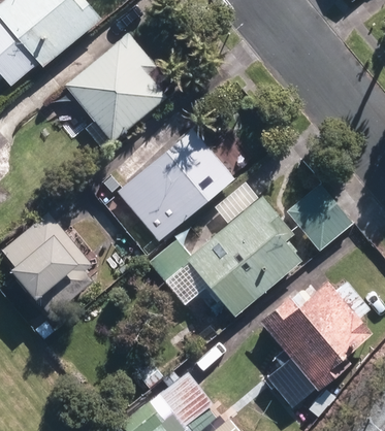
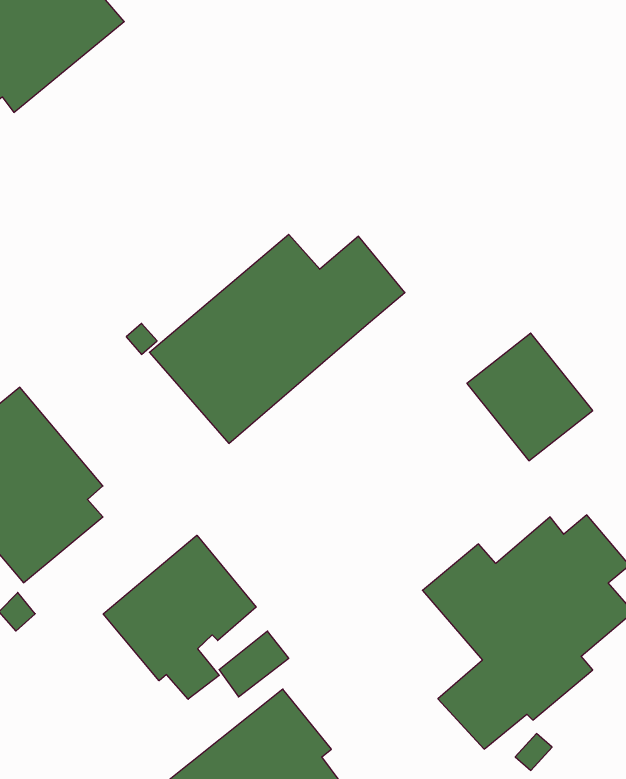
building: [63,31,167,141] -> none
building: [147,196,298,318] -> none
building: none -> [103,535,256,699]

